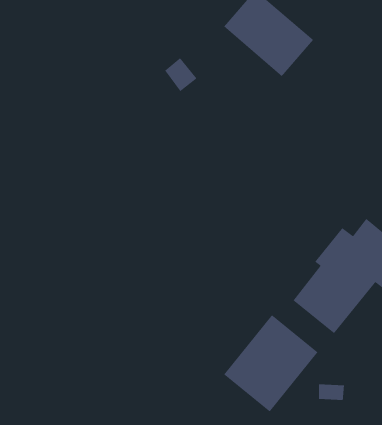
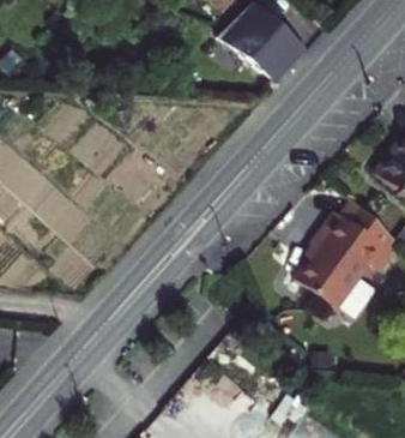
building: [223,314,319,412] -> none

